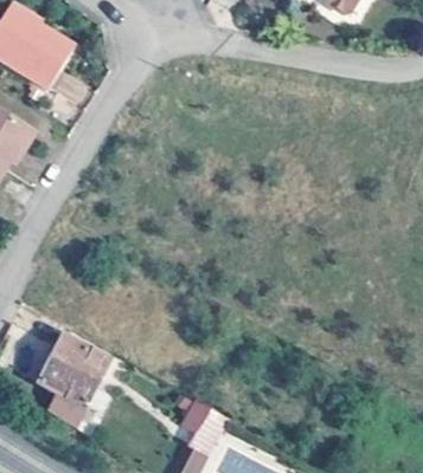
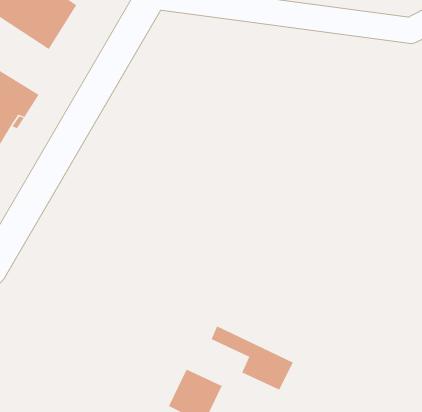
building: [32,335,103,404] -> none
building: none -> [211,326,293,391]

